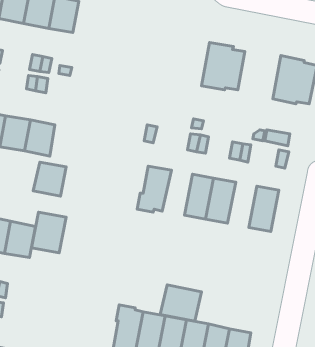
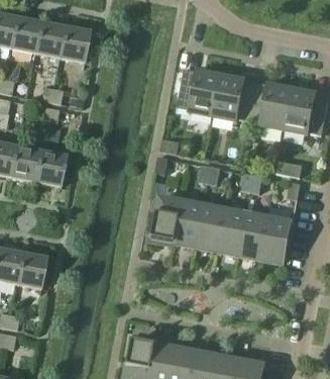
building: none -> [178,67,222,115]
building: none -> [250,81,294,128]
building: [33,162,66,196] -> none
building: none -> [175,200,205,246]
building: none -> [240,212,269,258]
building: [32,212,66,253] -> none
building: [160,285,202,321] -> none

